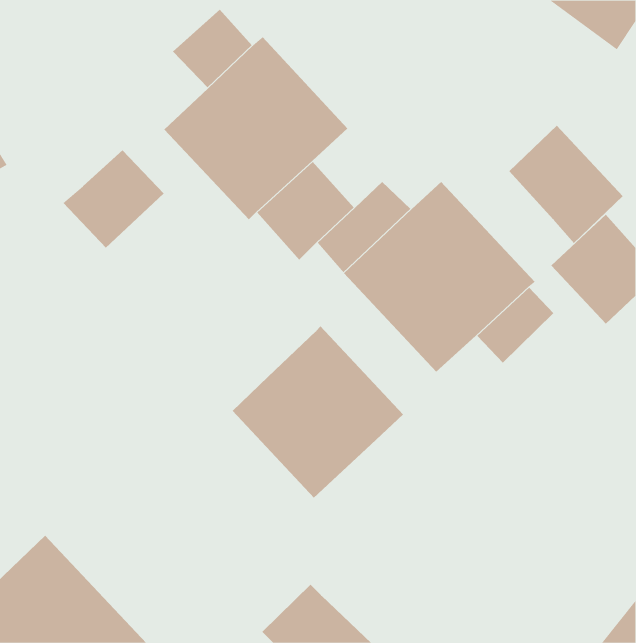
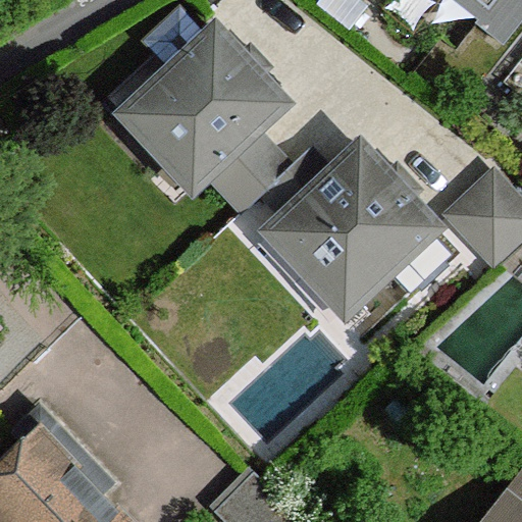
building: [508,125,624,244] -> none
building: [63,149,165,248] -> none
building: [232,326,404,499] -> none

